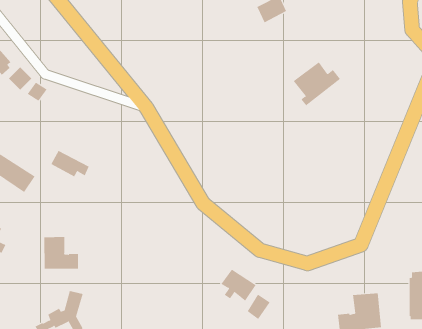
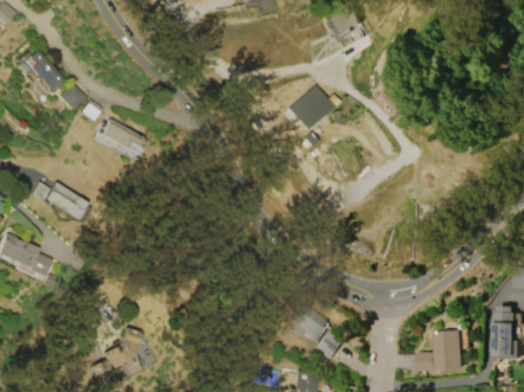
building: [293,62,341,106] -> [289,86,341,135]
building: [50,150,90,177] -> [101,120,143,149]
building: [44,236,79,269] -> none

